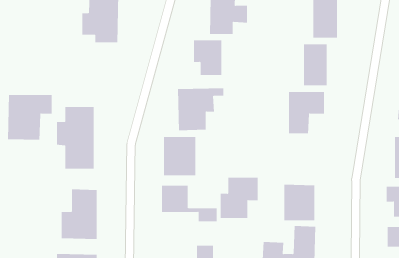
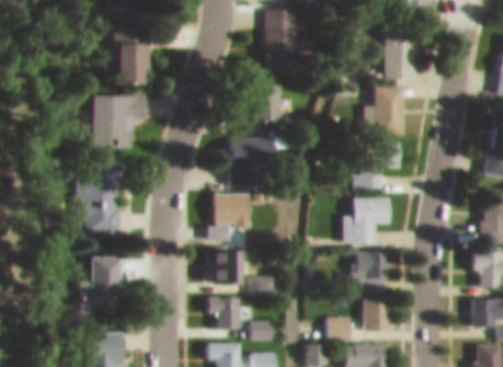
building: [7,94,52,140] -> [103,95,156,149]
building: [220,177,258,218] -> [343,196,388,244]
building: none -> [205,298,238,330]

